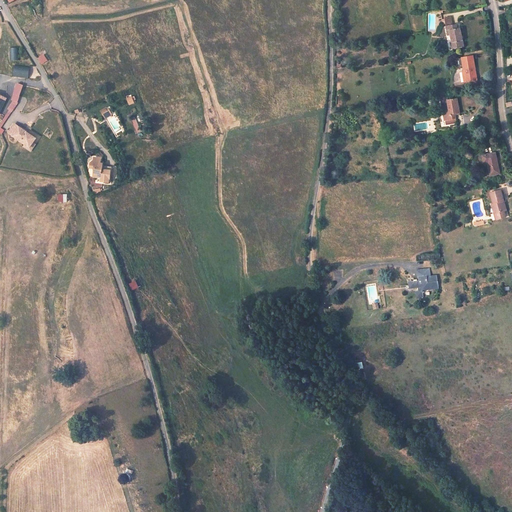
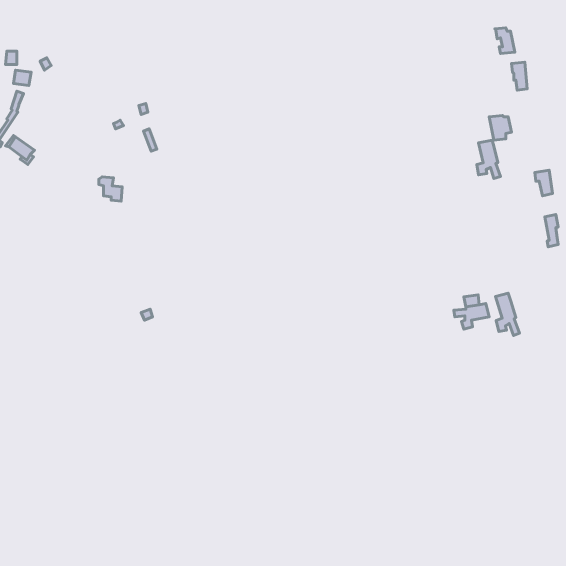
building: none -> [477,140,500,178]
building: none -> [496,293,520,335]

